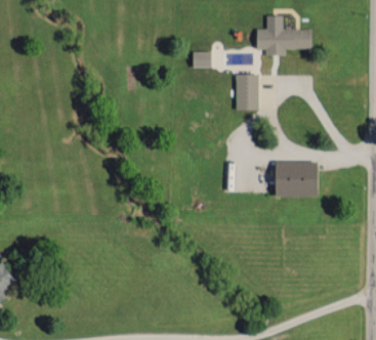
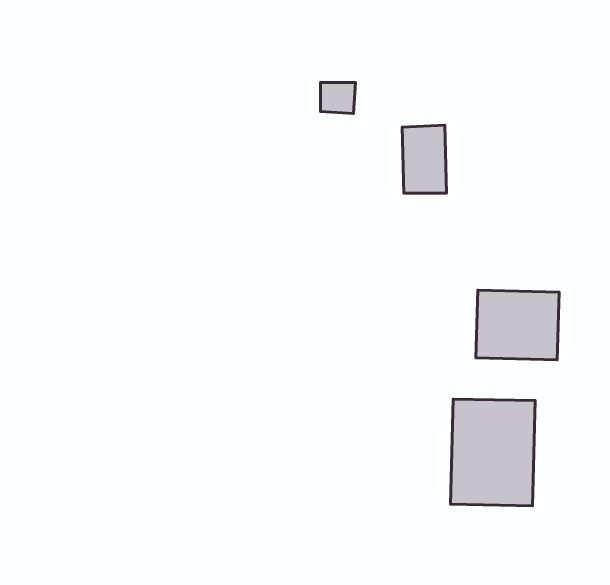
building: [257,15,311,55] -> none
building: none -> [451,399,535,506]

